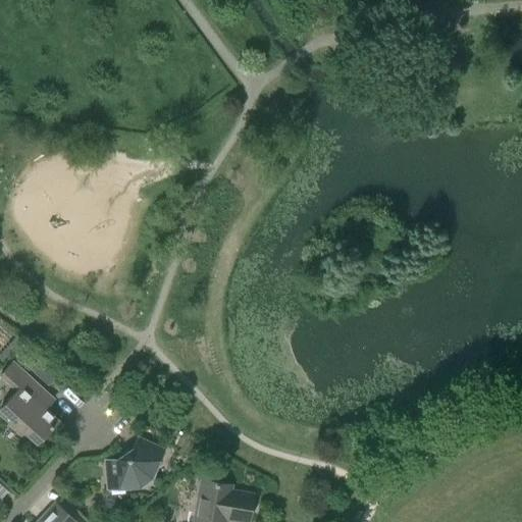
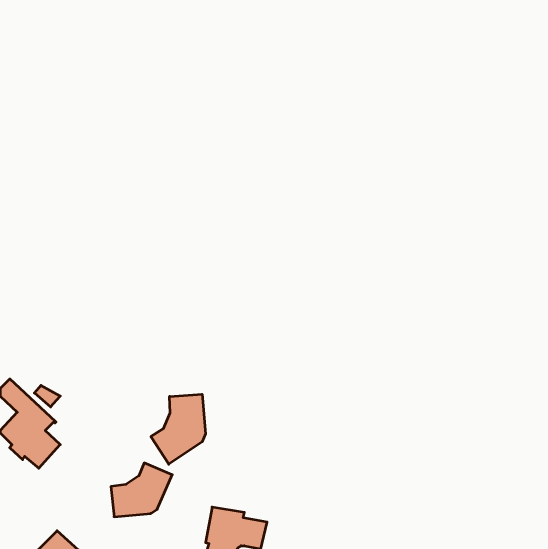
building: none -> [151,394,206,464]

